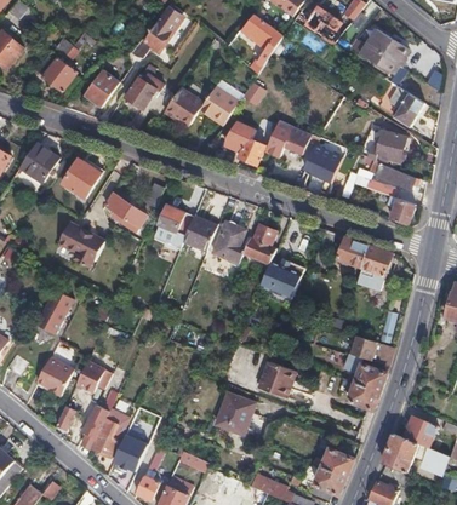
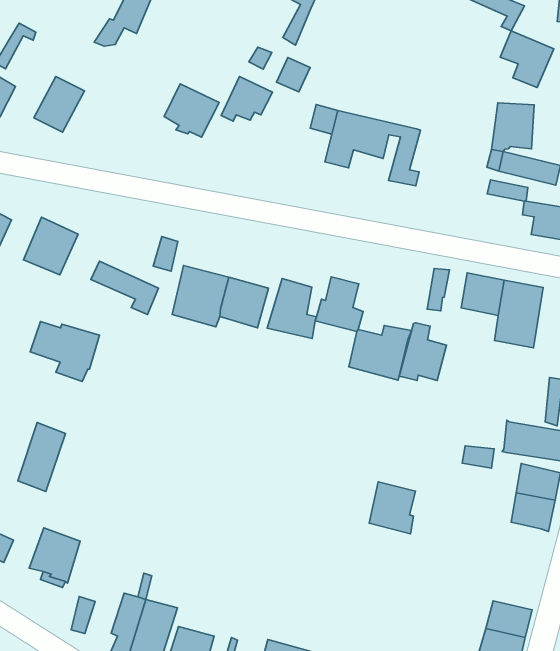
building: [126,64,162,109] -> none
building: [228,122,265,165] -> none
building: none -> [399,323,446,381]
building: [76,360,113,391] -> none
building: [217,392,256,432] -> none

